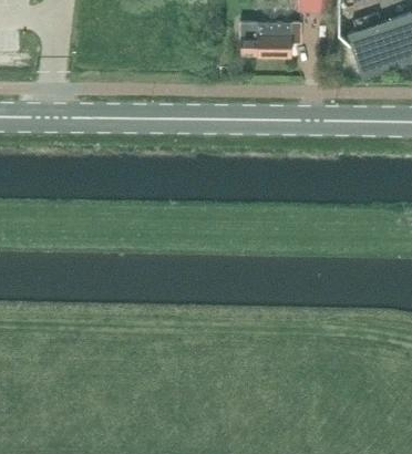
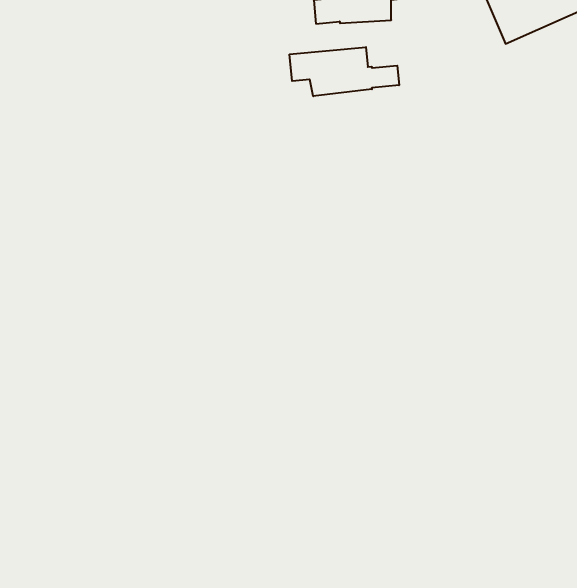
building: none -> [290,47,399,96]

